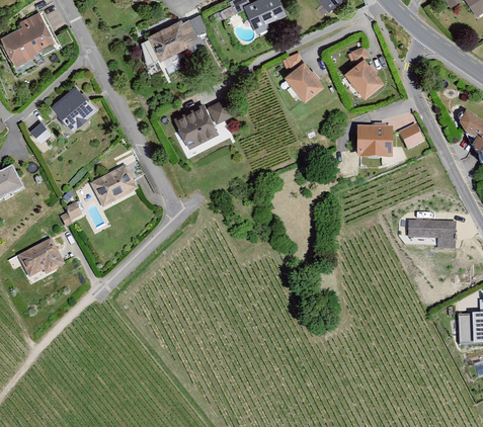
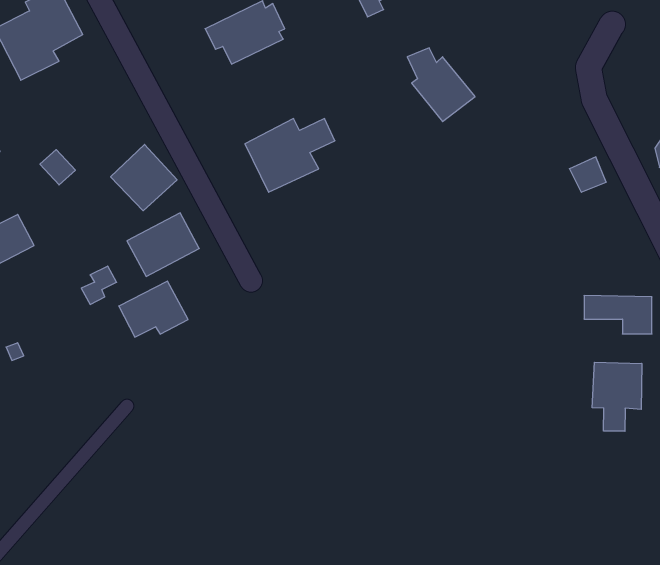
building: [338,44,379,98] -> none
building: [54,84,99,130] -> [111,144,177,211]
building: [353,129,388,158] -> none
building: [19,238,67,276] -> [119,281,188,337]
building: none -> [592,362,642,431]

